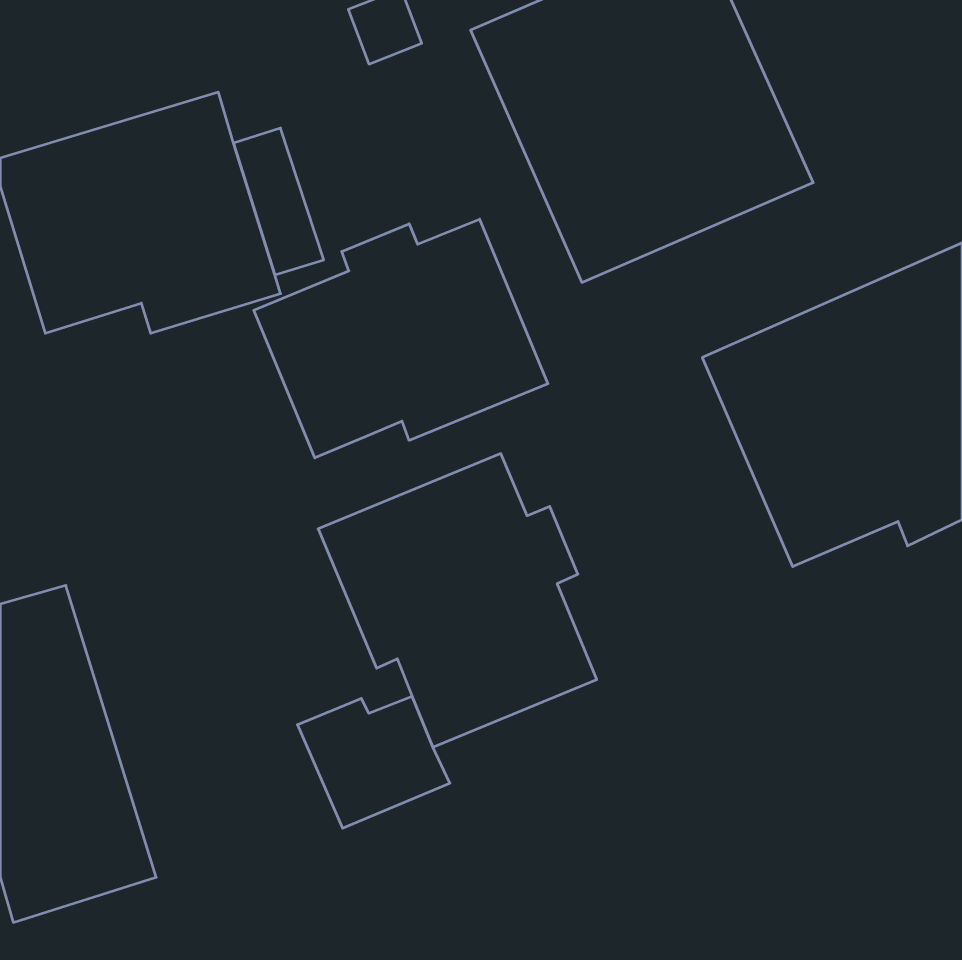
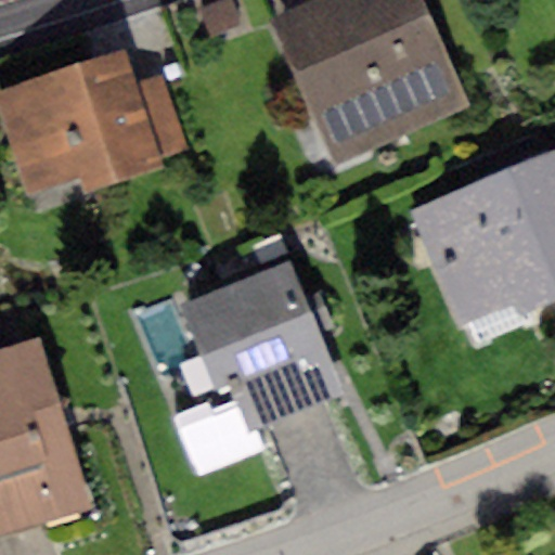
building: [254,219,548,458] -> none

